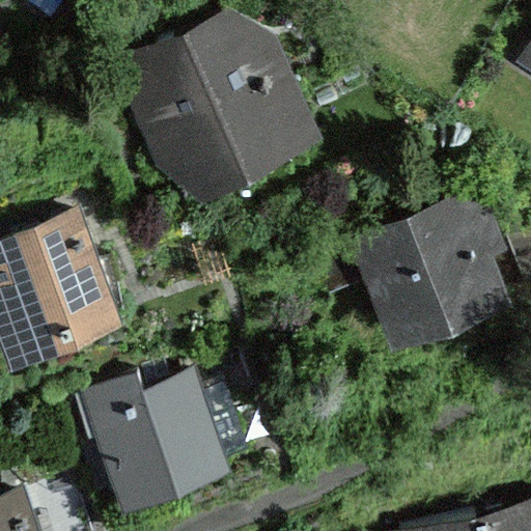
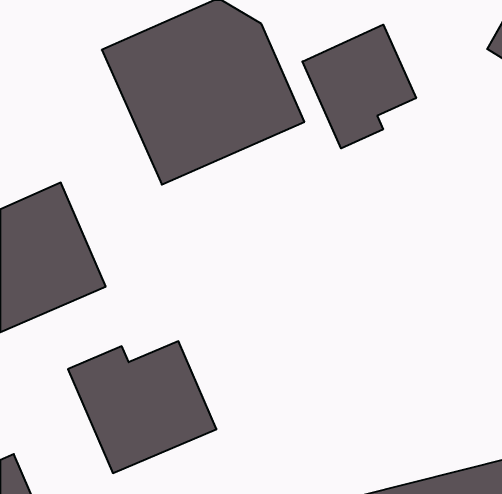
building: none -> [302,25,416,148]
building: [350,168,522,338] -> none

